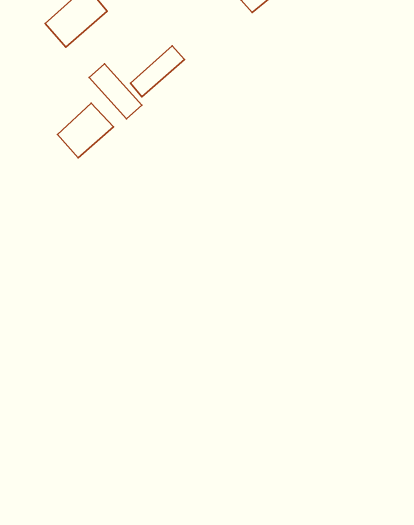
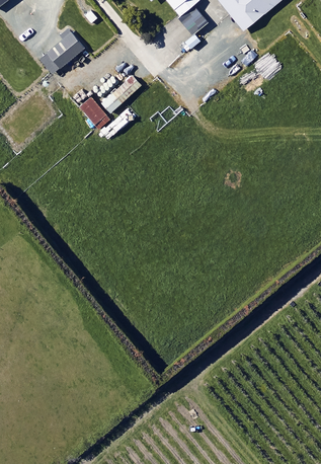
building: [57,103,114,158] -> none

